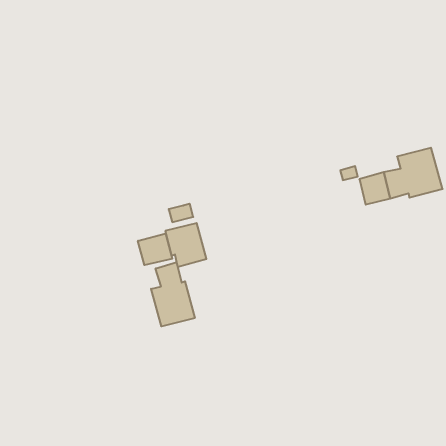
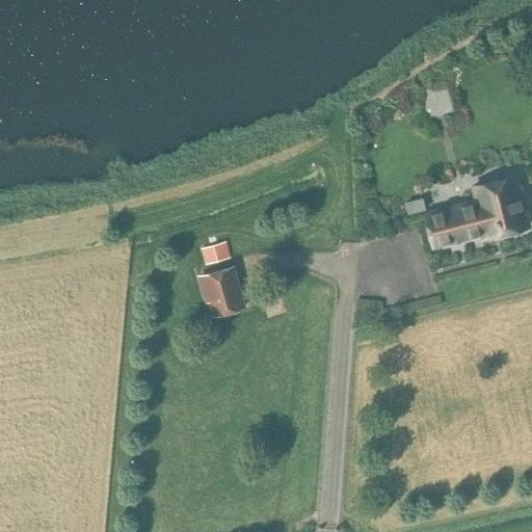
building: [138,234,172,265] -> none
building: [151,262,195,326] -> none

